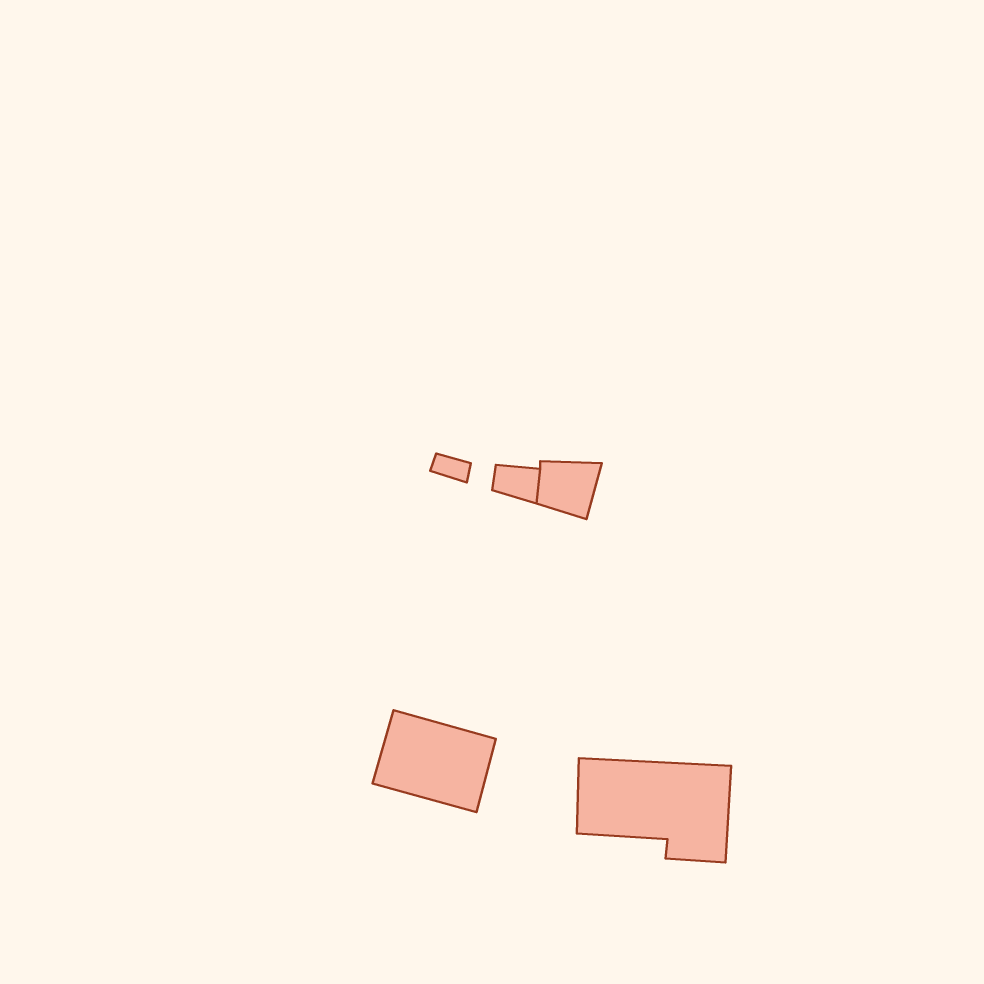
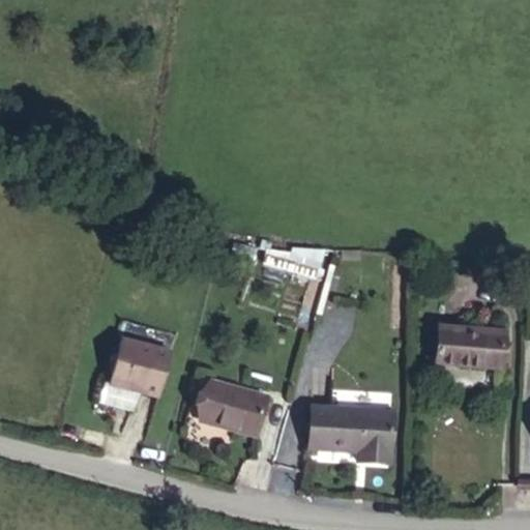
building: none -> [437,325,503,366]
building: none -> [110,338,171,396]

